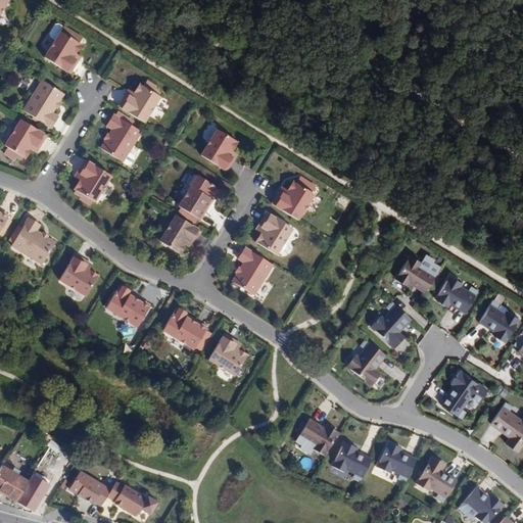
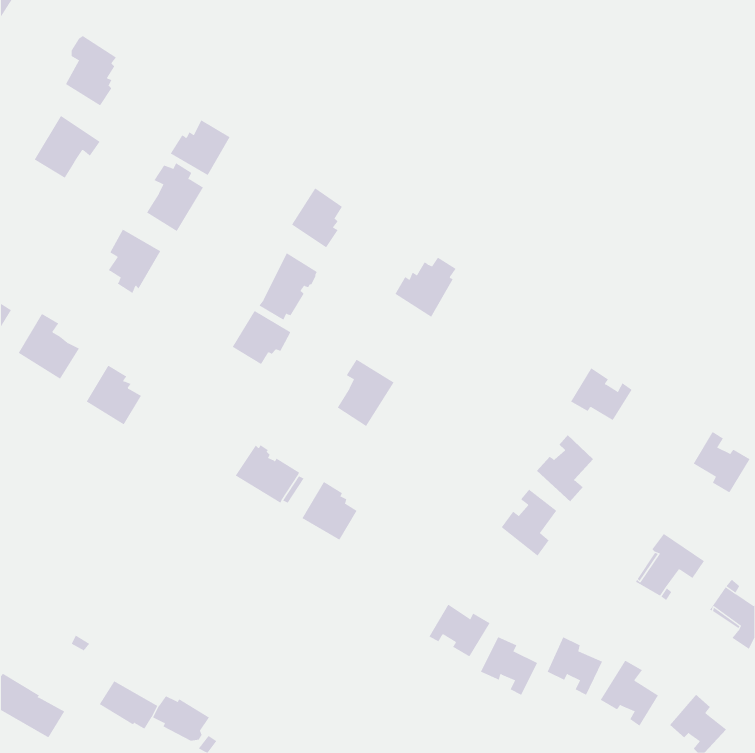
building: [5,118,46,159] -> none
building: [255,212,293,254] -> none
building: [438,271,478,314] -> none
building: [106,285,150,325] -> none

